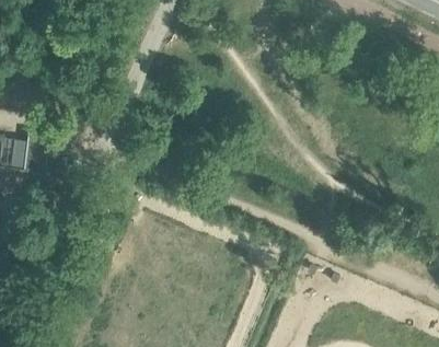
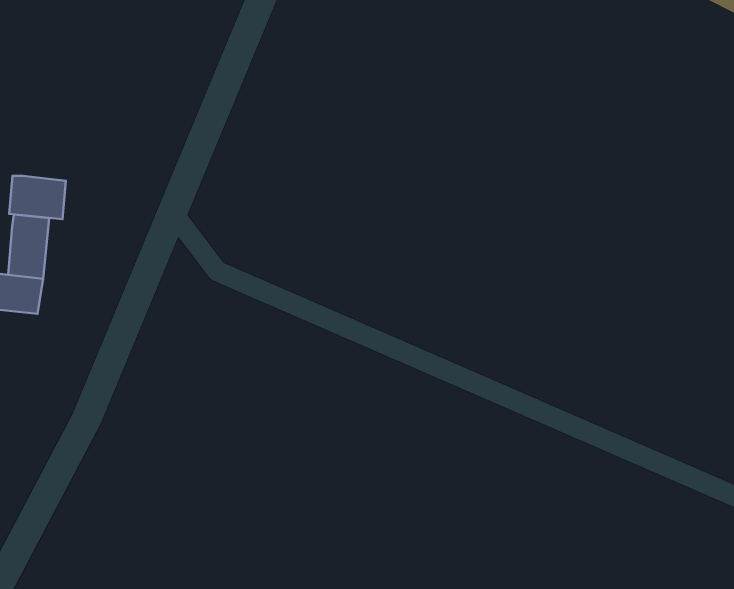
building: none -> [9,176,66,219]

